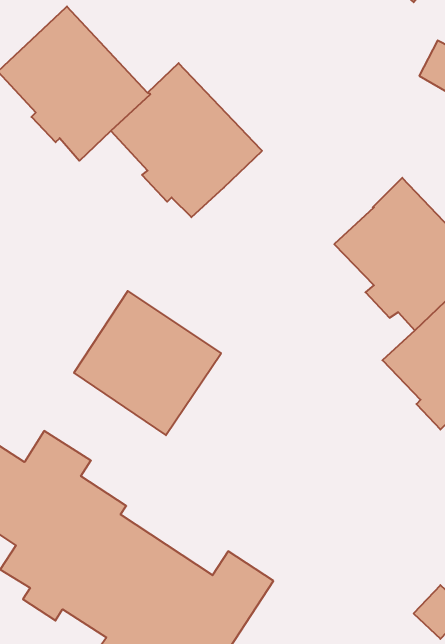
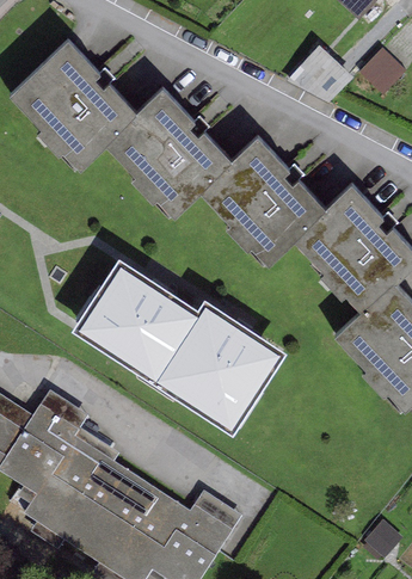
building: none -> [285,44,351,100]
building: none -> [198,125,325,254]
building: none -> [149,310,283,443]

